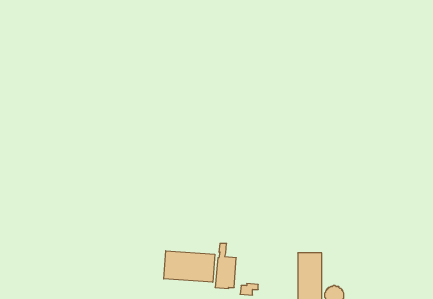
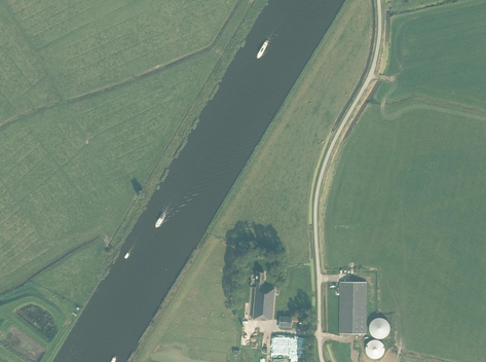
building: [164,251,215,282] -> none

